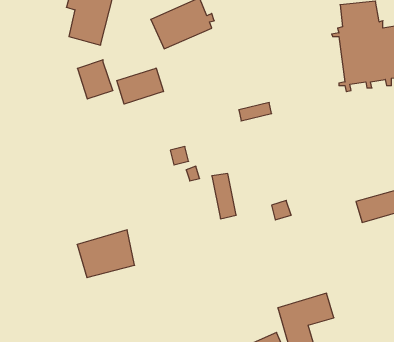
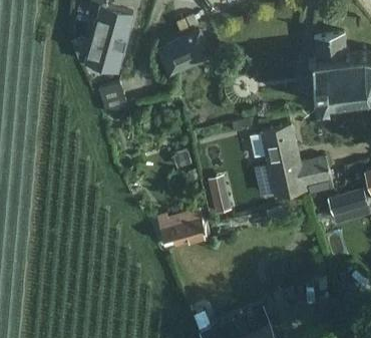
building: [117,68,163,104] -> none
building: none -> [251,124,331,197]
building: [77,230,135,278] -> [158,209,206,248]

